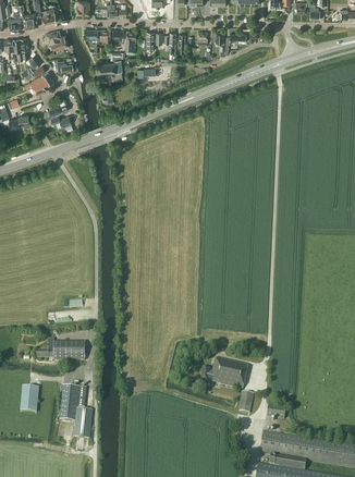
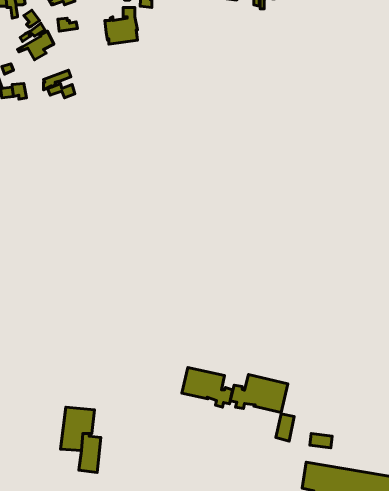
building: [36,338,85,359] -> none
building: none -> [182,367,233,407]
building: [20,386,39,413] -> none

